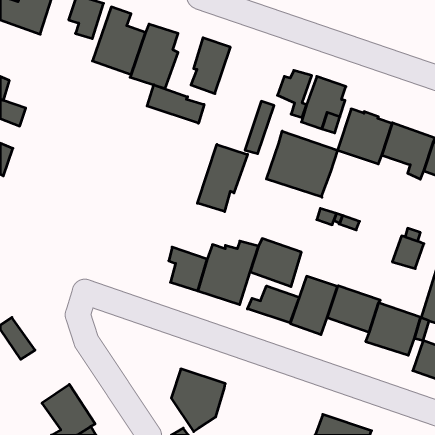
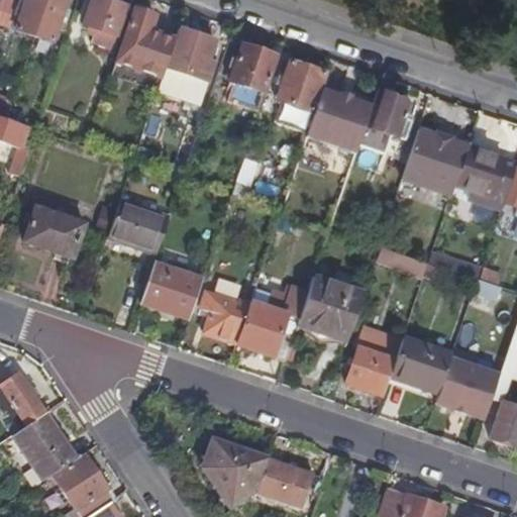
building: none -> [277,61,323,111]
building: [147,85,204,123] -> none
building: [266,131,337,197] -> none
building: [197,144,248,212] -> none
building: none -> [108,200,169,251]
building: none -> [26,207,83,255]
building: none -> [141,262,203,317]
building: [247,286,299,323] -> none
building: none -> [17,409,76,471]
building: none -> [257,456,313,507]

